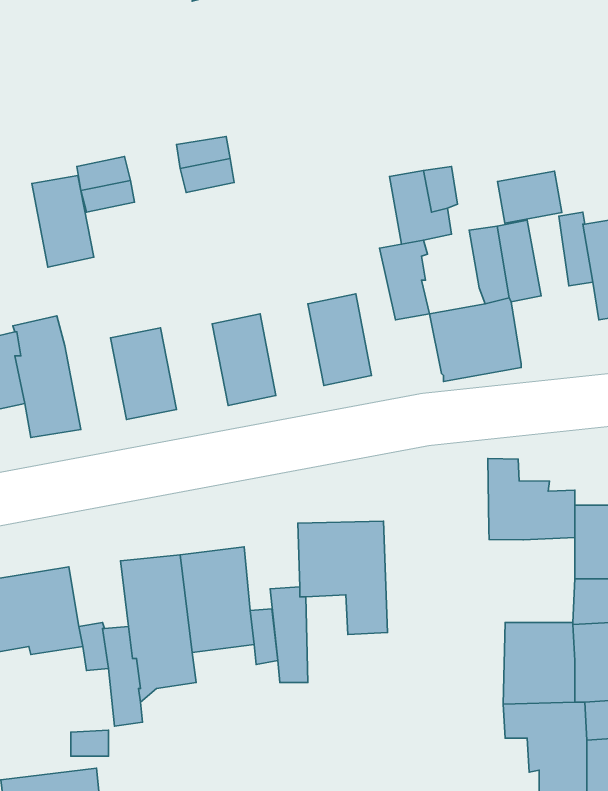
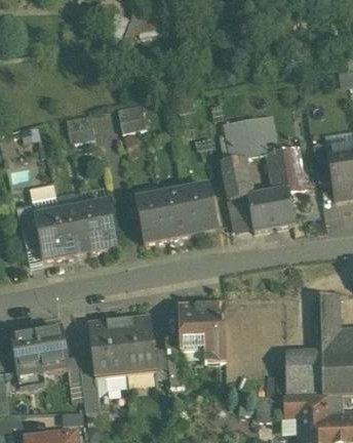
building: [497,171,562,223] -> none
building: [32,176,94,267] -> [60,207,91,254]
building: none -> [160,190,193,237]
building: none -> [230,195,253,229]
building: [488,458,575,540] -> none

